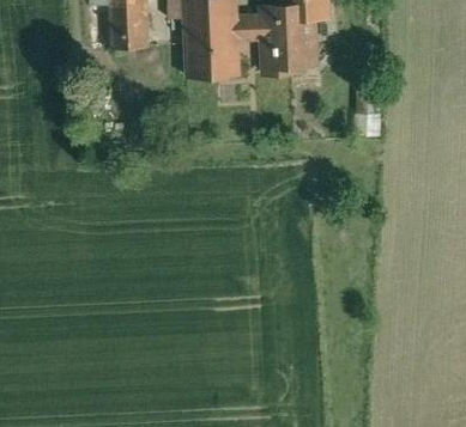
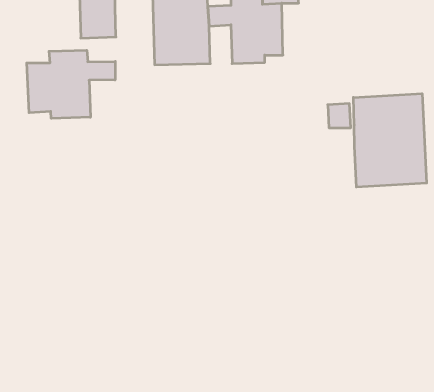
building: none -> [27,50,115,118]
building: none -> [353,94,427,187]

